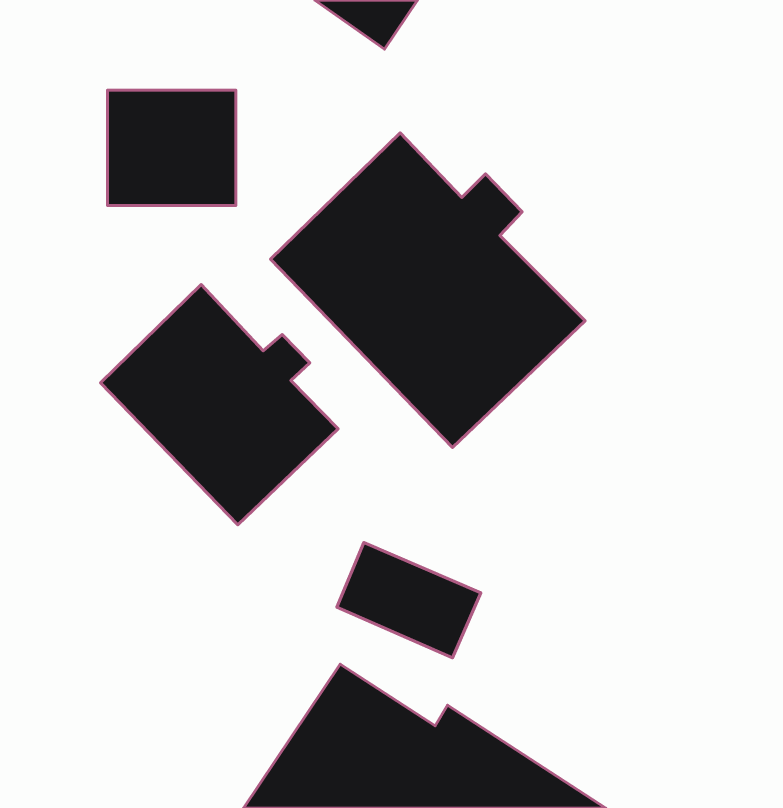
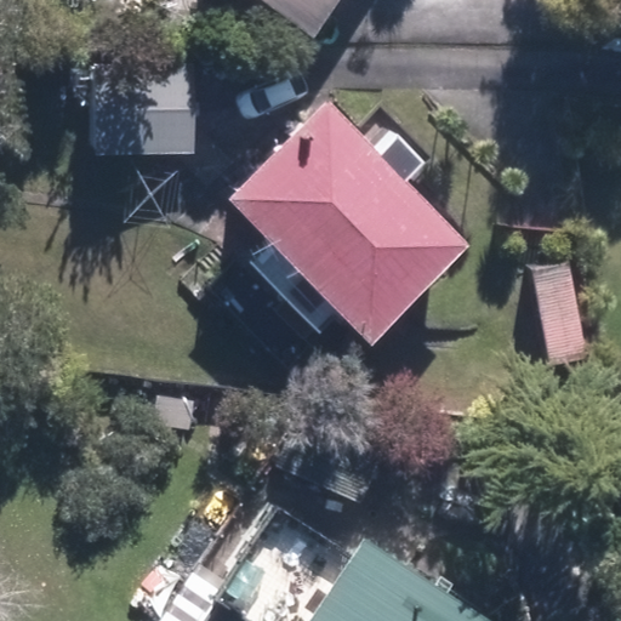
building: [101,284,338,525] -> none

